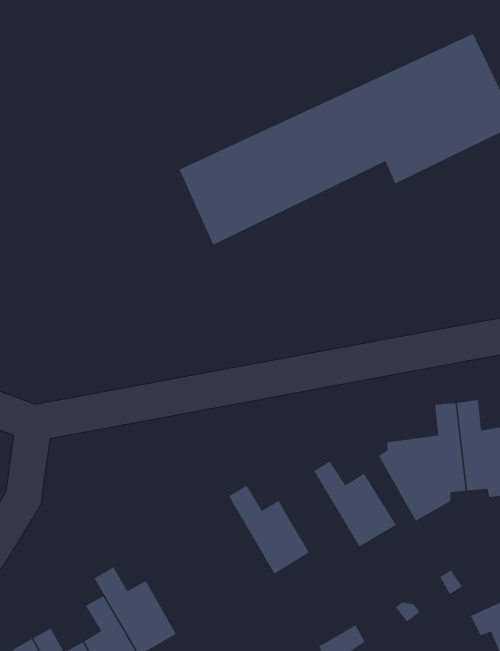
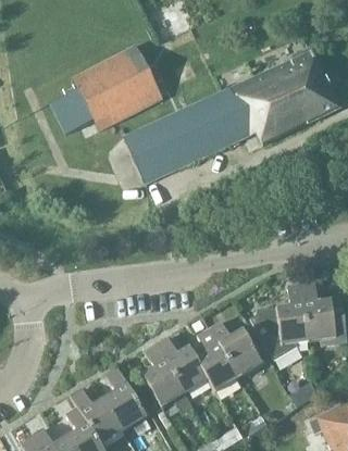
building: none -> [50,43,164,134]
building: none -> [195,327,239,391]
building: none -> [141,343,194,413]
building: none -> [103,367,146,431]

